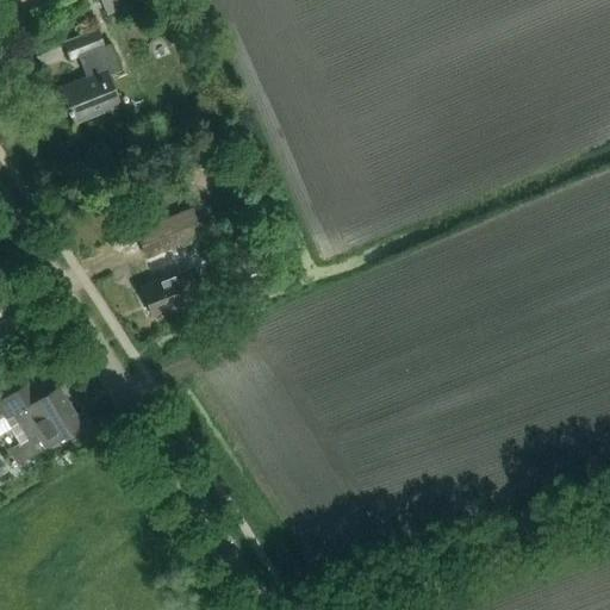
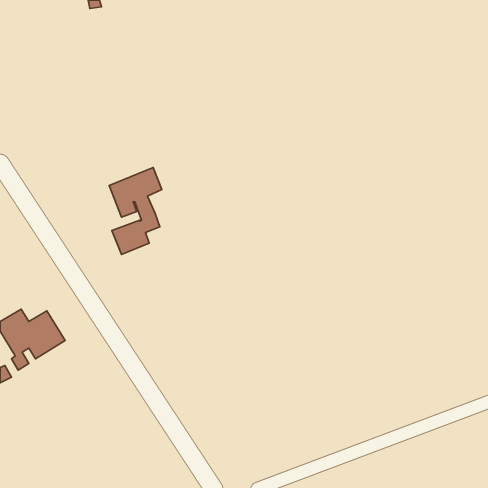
building: [61,30,122,124] -> none

